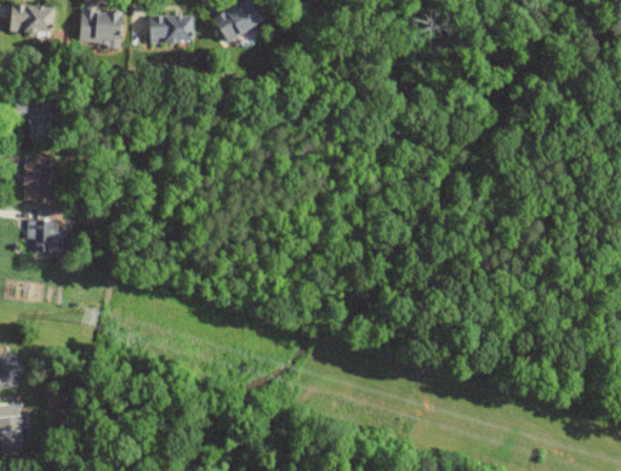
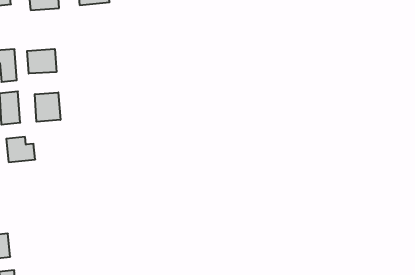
building: none -> [27,49,56,74]
building: none -> [35,92,60,122]

